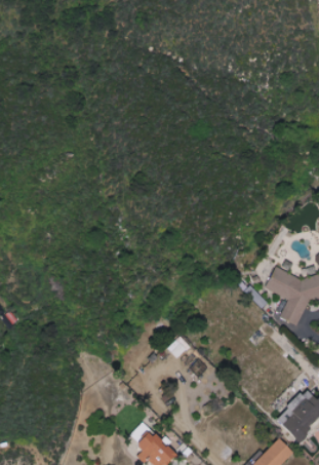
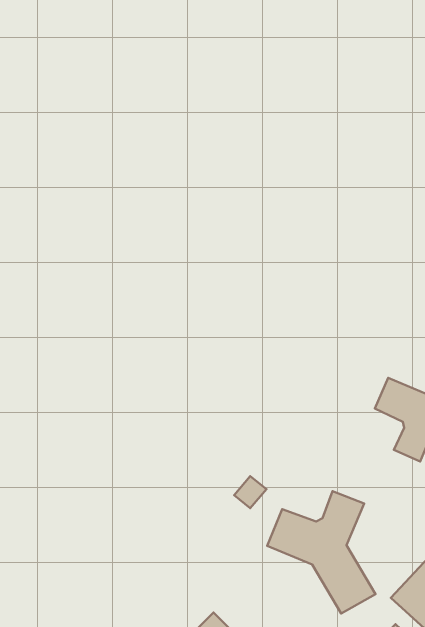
building: none -> [267,491,376,613]

